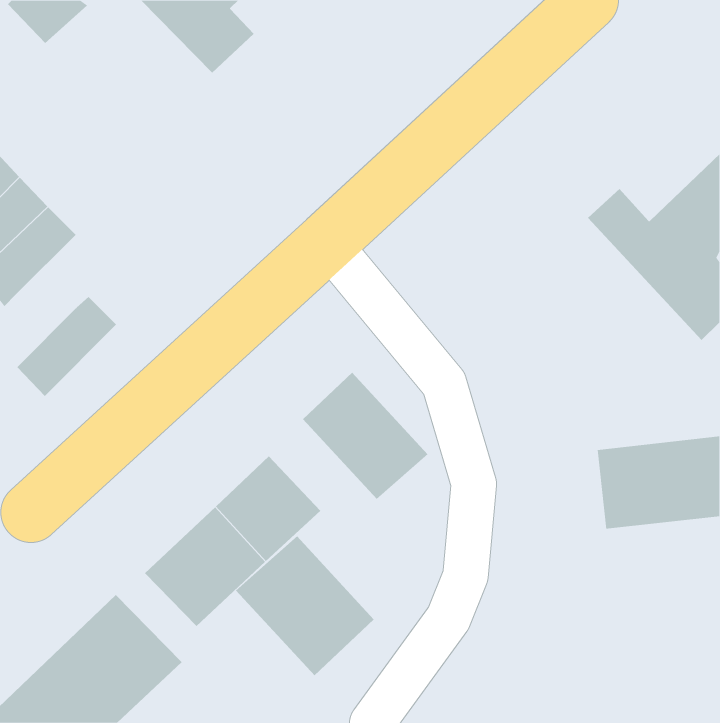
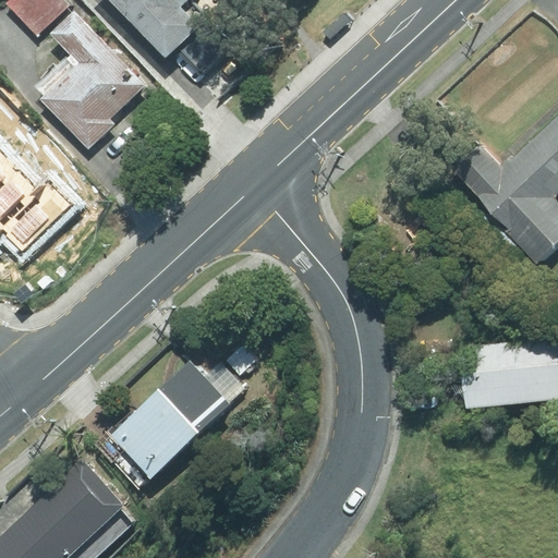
building: none -> [33,10,143,148]
building: [16,296,117,397] -> [13,172,90,250]
building: [302,372,428,500] -> none
building: [235,536,375,676] -> none

